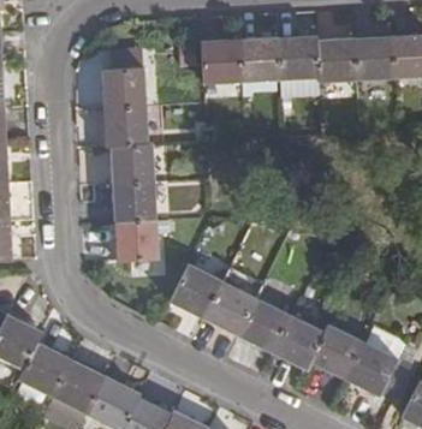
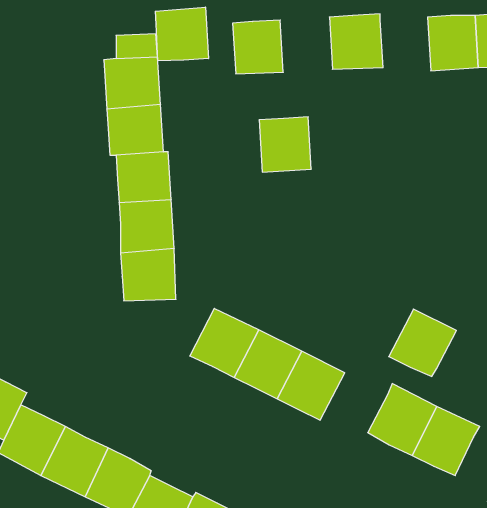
building: none -> [155,7,208,61]
building: [239,36,280,79] -> [259,117,311,172]
building: [317,36,357,81] -> none
building: [271,315,323,368] -> [389,309,456,376]

